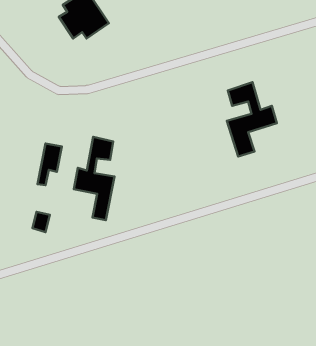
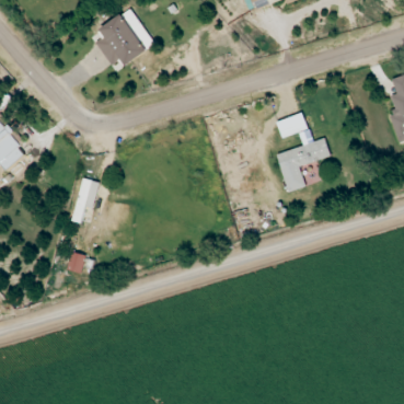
building: [74,137,114,220] -> none

